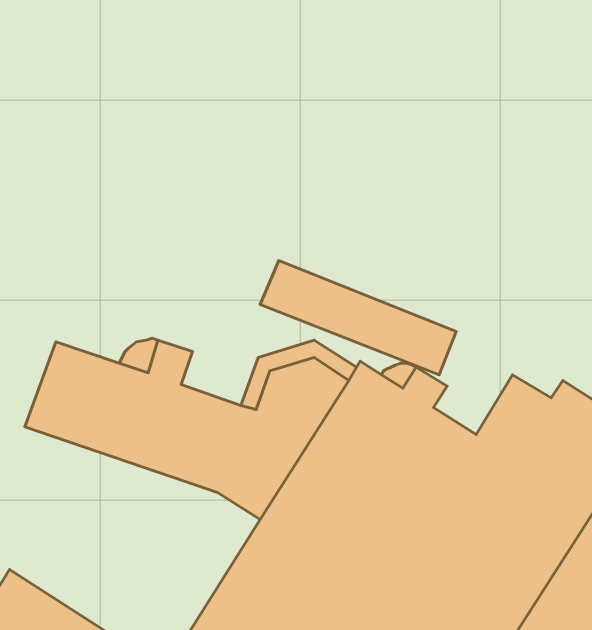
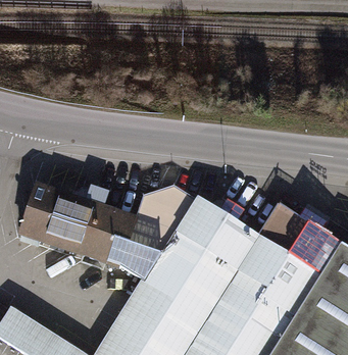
building: [260,260,456,375] -> none

